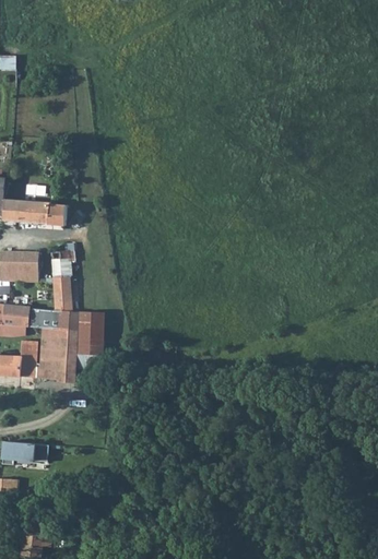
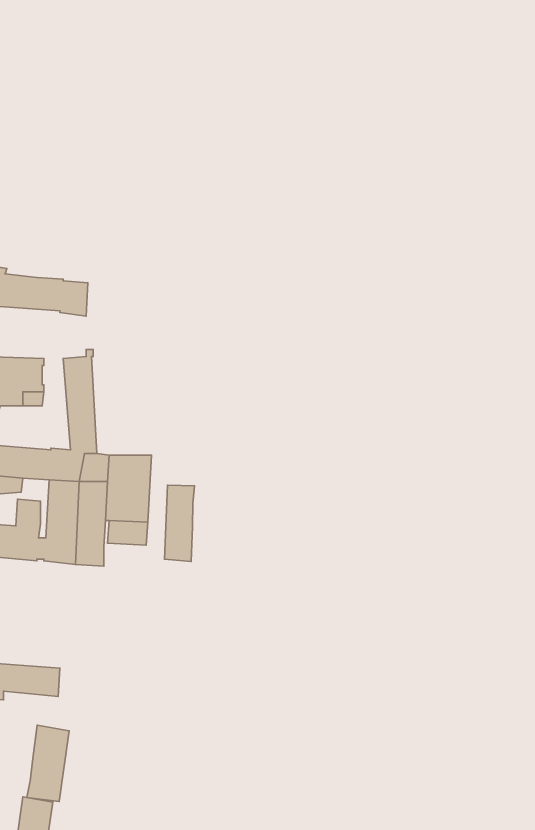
building: none -> [164,485,194,561]
building: none -> [27,725,69,802]

